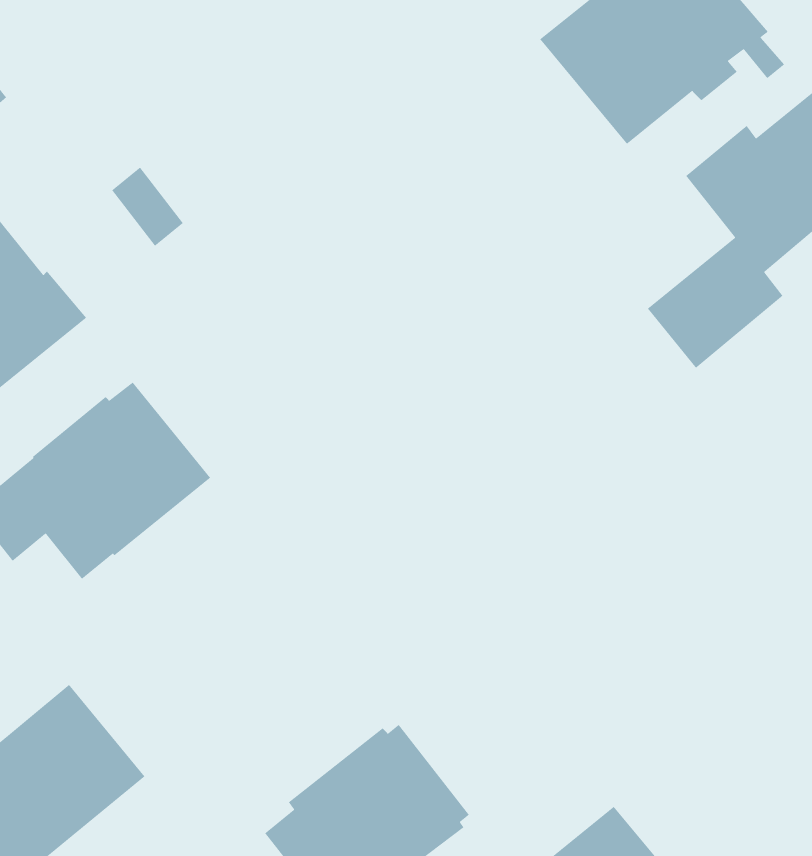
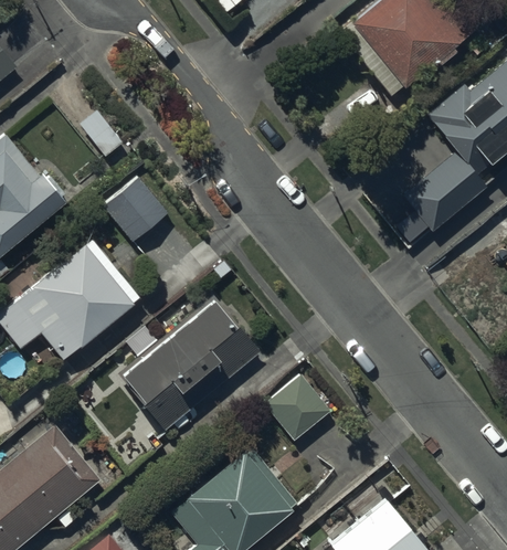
building: none -> [102,176,172,246]
building: none -> [122,295,261,430]
building: none -> [264,374,330,441]

